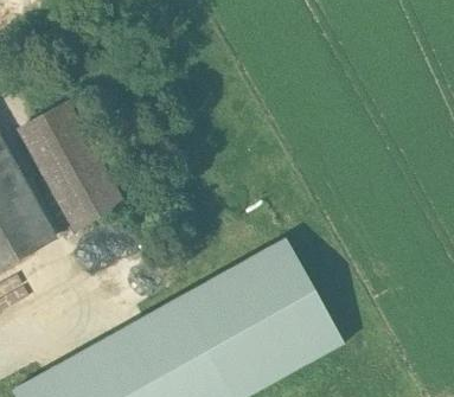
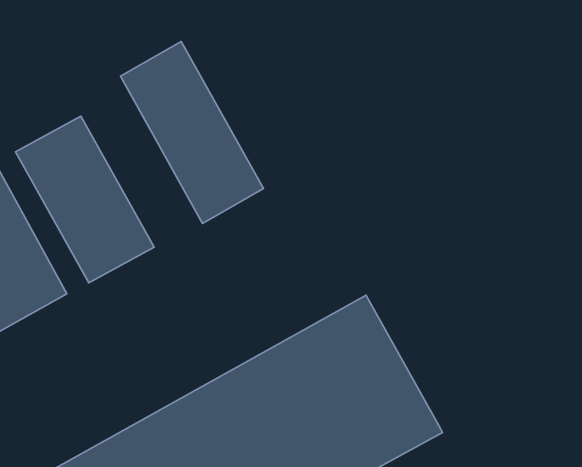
building: none -> [120,41,264,223]

